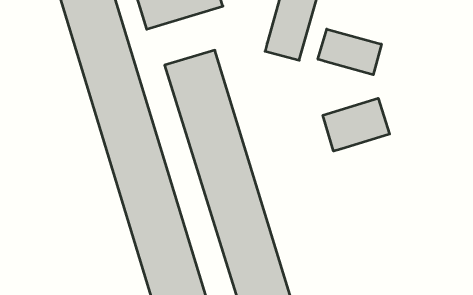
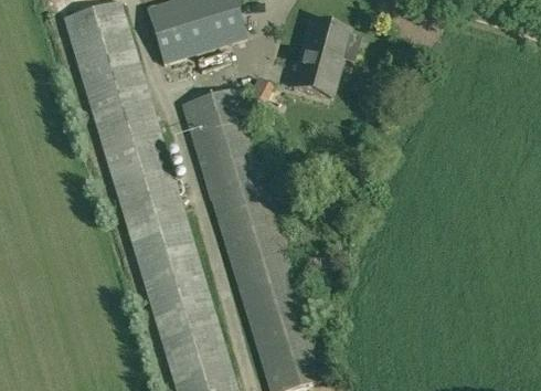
building: [318,29,381,75] -> none
building: [323,98,390,151] -> none

